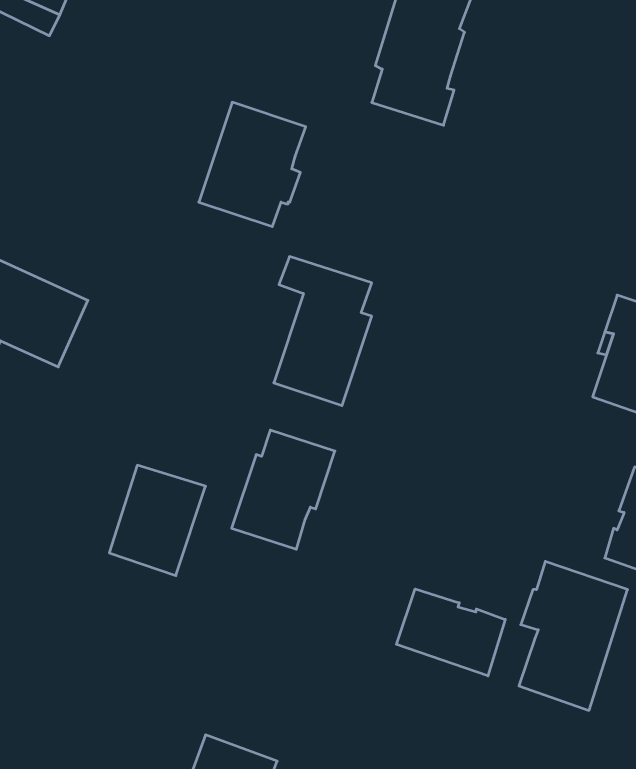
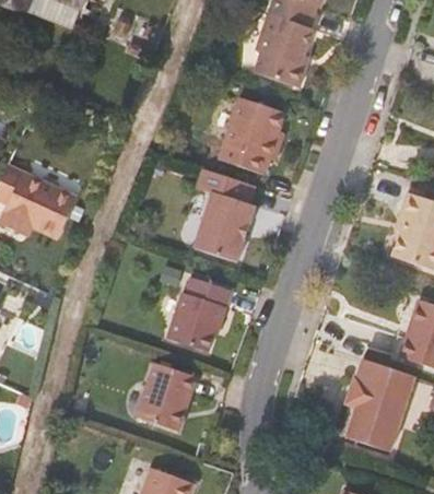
building: [199,102,306,227] -> [219,96,285,174]
building: [109,465,206,576] -> [142,364,202,433]
building: [396,589,505,676] -> none

